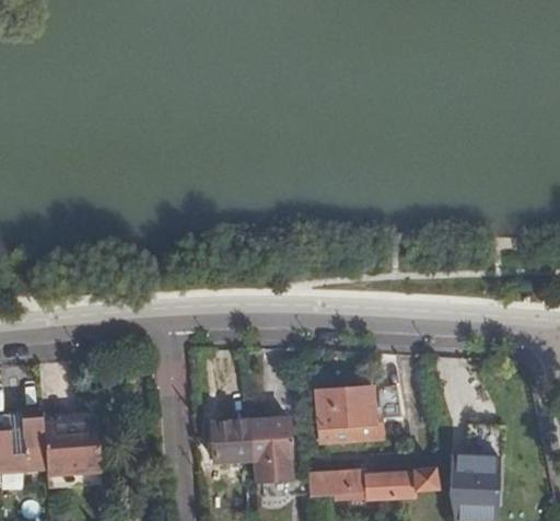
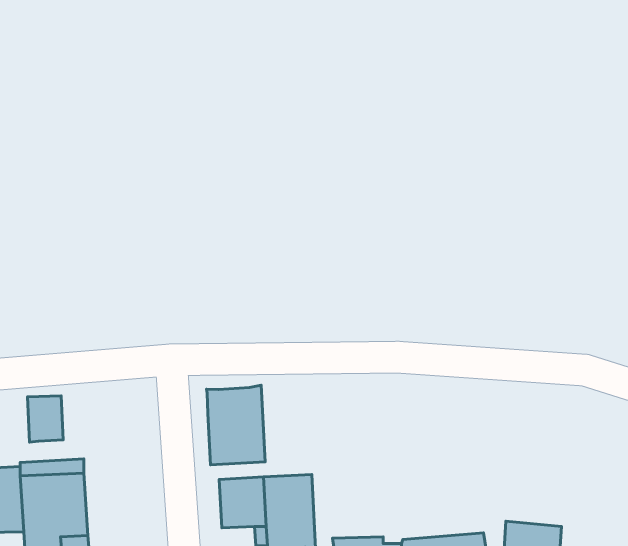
building: none -> [207,385,265,465]
building: none -> [28,396,63,442]
building: [317,390,383,441] -> none

